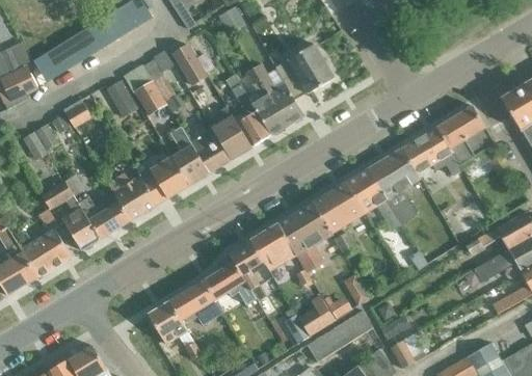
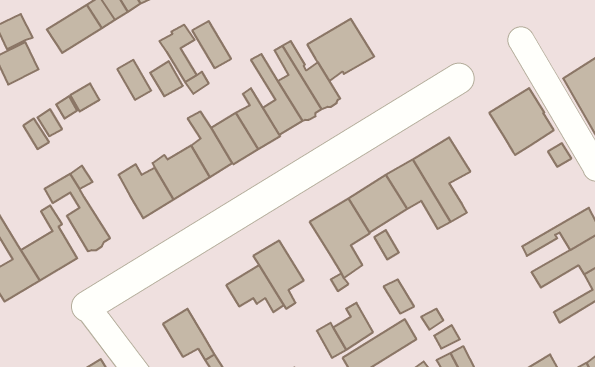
building: [401,127,462,176] -> none
building: [78,195,130,238] -> none
building: [250,223,296,270] -> none
building: [169,279,223,325] -> none

